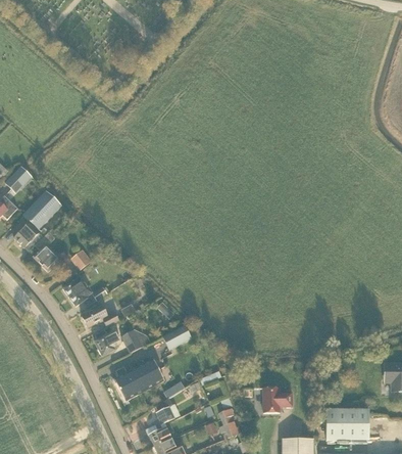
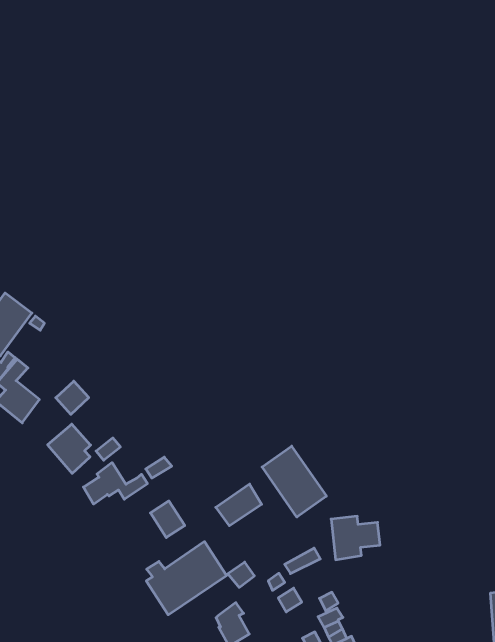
building: none -> [262,446,326,517]
building: [95,328,120,355] -> none
building: [263,387,292,412] -> [331,516,380,560]

